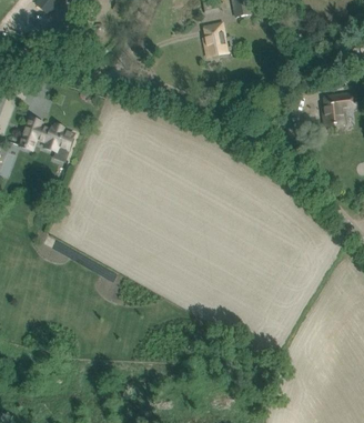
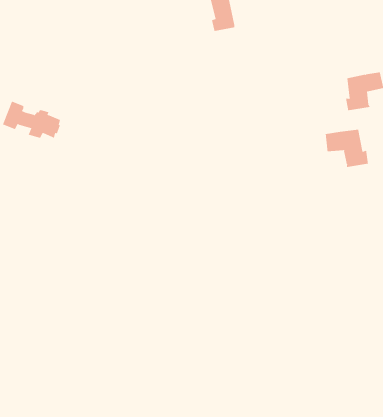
building: none -> [325,129,368,168]

